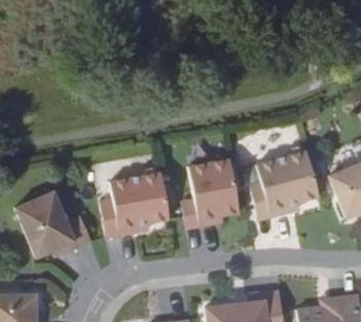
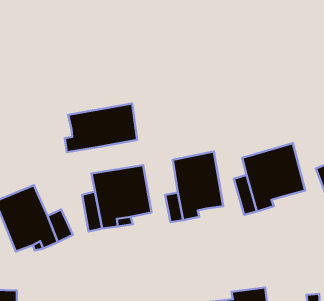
building: none -> [65,104,137,152]

